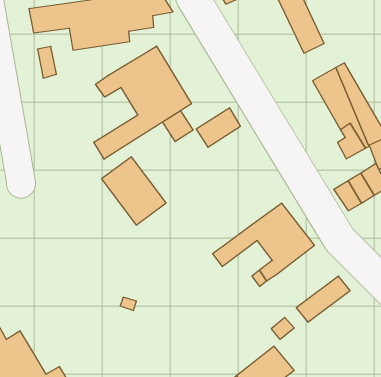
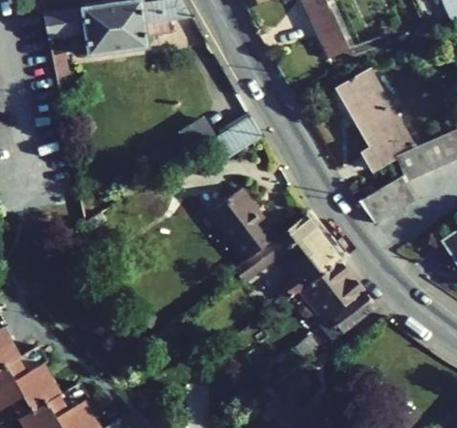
building: [94,46,191,159] -> none
building: [102,157,166,225] -> [209,189,276,260]
building: none -> [301,259,365,321]

